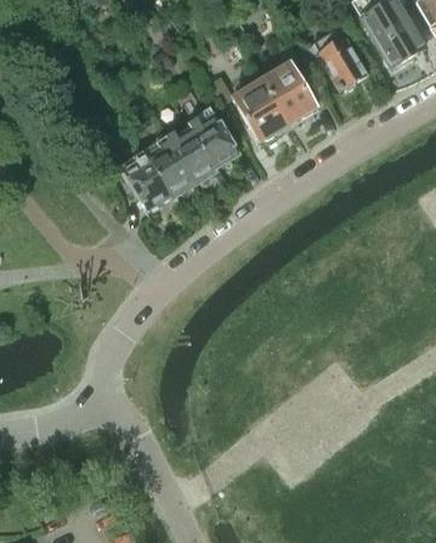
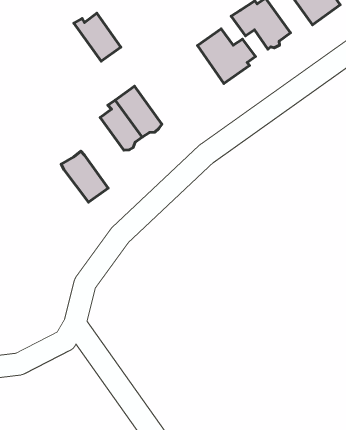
building: [233,80,288,142] -> none
building: [187,112,238,166] -> [74,13,121,61]
building: [119,149,170,208] -> [61,151,108,202]

